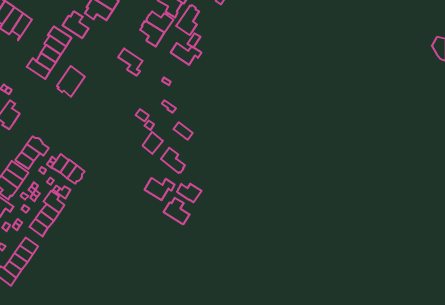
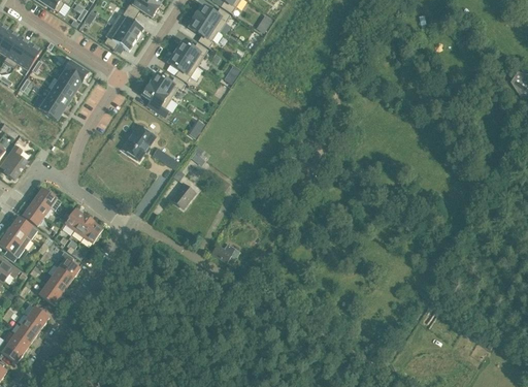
building: [176,5,199,35] -> none
building: [62,11,89,38] -> none
building: [171,43,201,65] -> [150,72,186,98]
building: [57,66,85,97] -> [122,124,155,160]
building: [161,148,185,173] -> none
building: [145,178,175,200] -> none
building: [164,198,190,224] -> none

